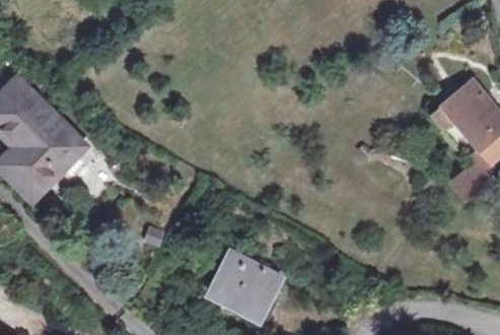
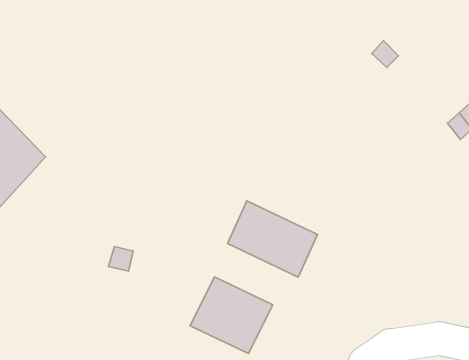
building: none -> [228,201,317,277]

